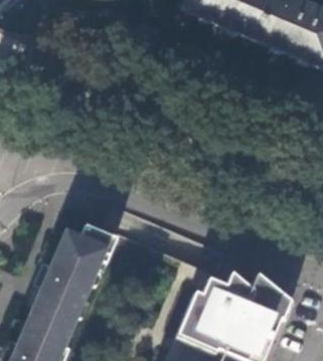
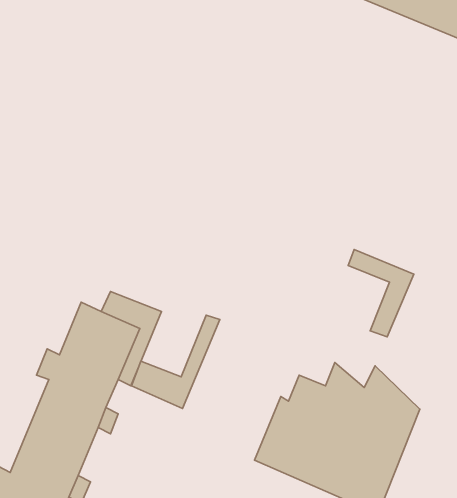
building: none -> [348,249,414,337]
building: none -> [132,315,220,409]

